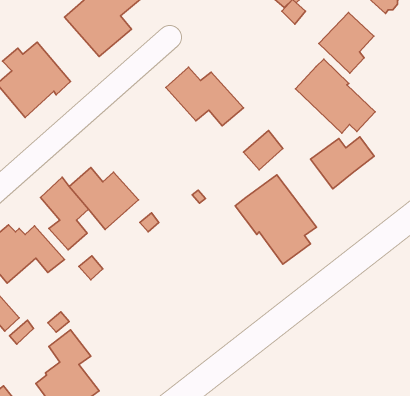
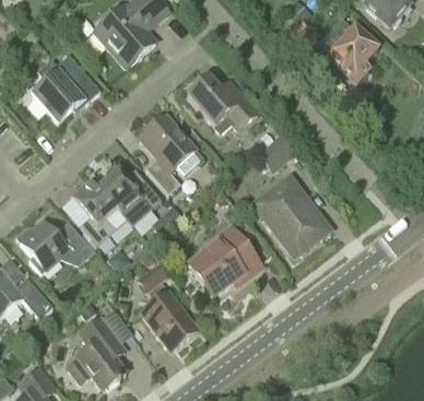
building: [296,59,375,133] -> none
building: none -> [139,114,200,193]
building: [311,137,374,189] -> none
building: none -> [190,225,261,294]
building: none -> [137,263,198,350]

